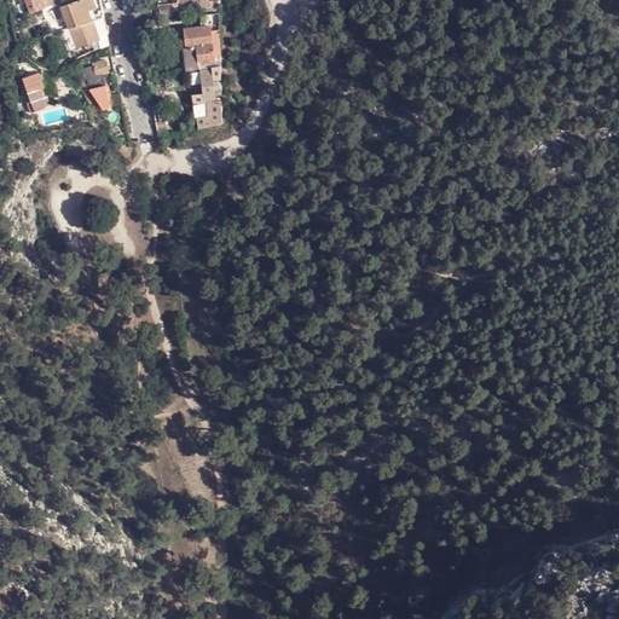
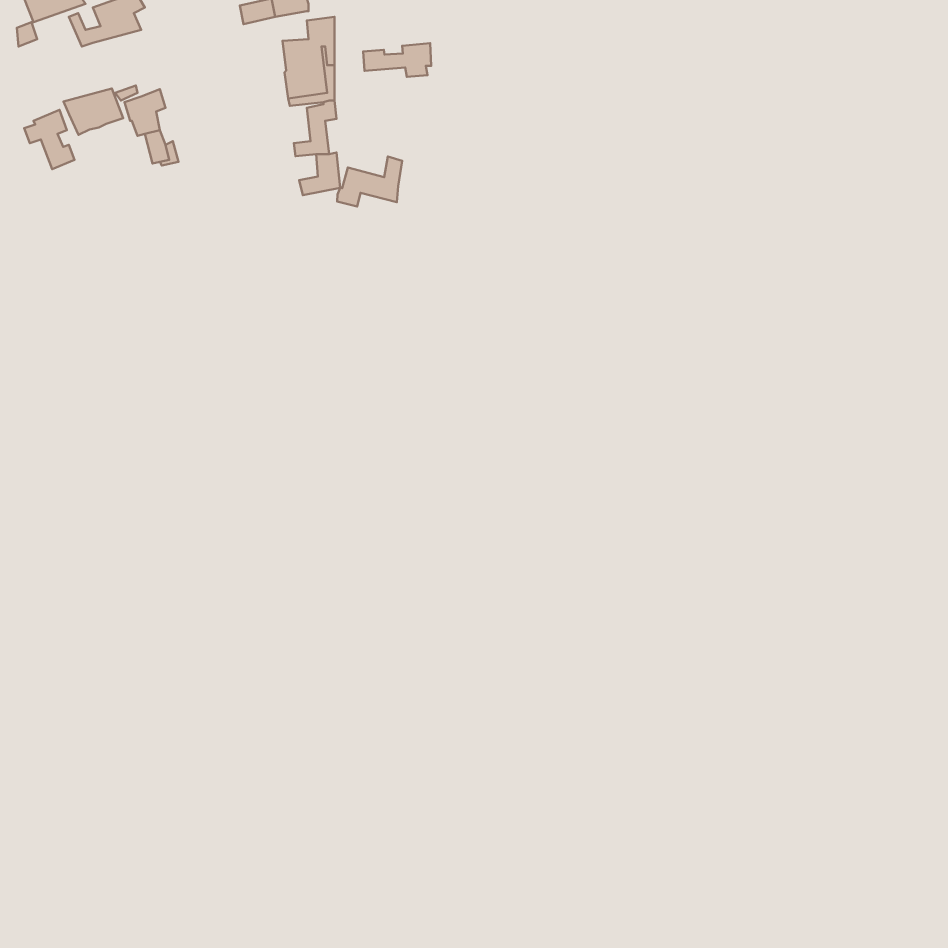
building: [60,19,99,50] -> [64,88,123,135]
building: none -> [363,43,431,77]
building: none -> [337,157,402,206]

